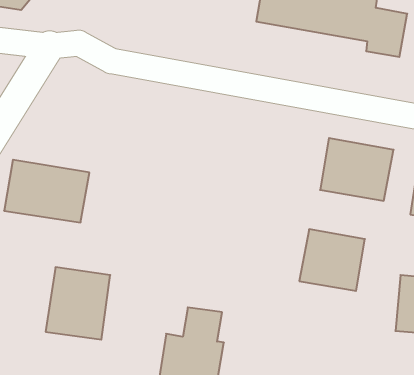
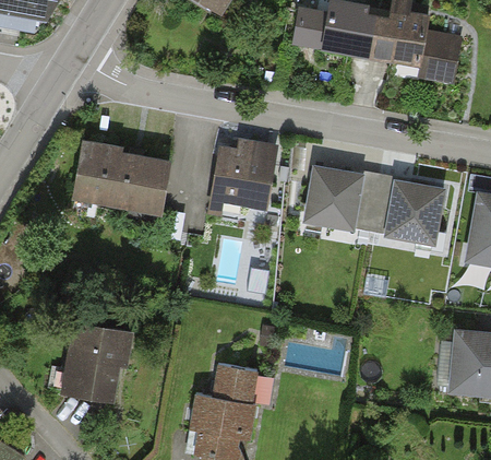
building: none -> [206,138,279,214]
building: [4,160,89,222] -> [72,142,167,212]
building: [299,229,365,291] -> [301,165,374,234]

